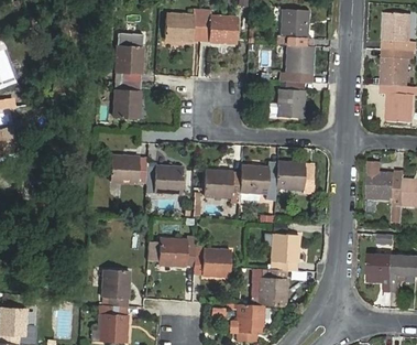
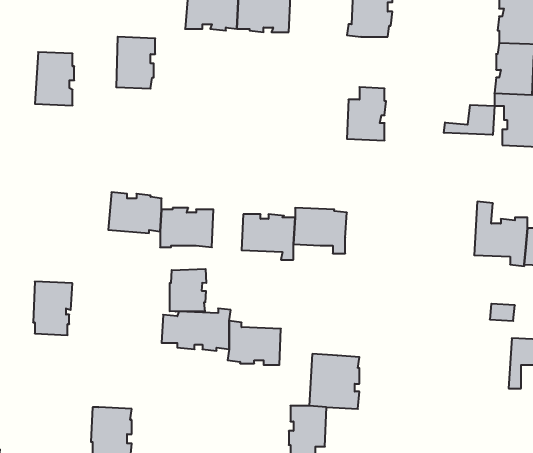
building: [281,45,314,82] -> none
building: [113,80,141,118] -> [35,52,74,105]
building: none -> [444,105,494,135]
building: [276,161,315,191] -> none
building: none -> [170,269,206,312]
building: [271,233,299,271] -> none
building: [366,256,393,292] -> none
building: [102,269,130,306] -> [33,282,72,335]

